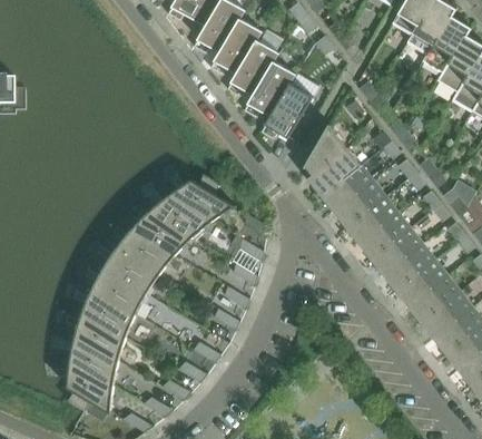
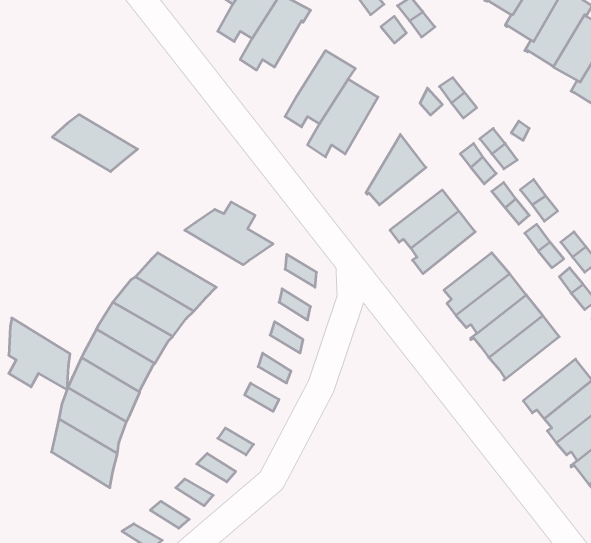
building: [227,39,279,97] -> none
building: [314,148,361,195] -> none
building: [149,195,213,237] -> [52,115,138,172]
building: [346,196,397,240] -> none
building: [406,274,460,322] -> none
building: [68,360,114,413] -> [9,318,70,390]

